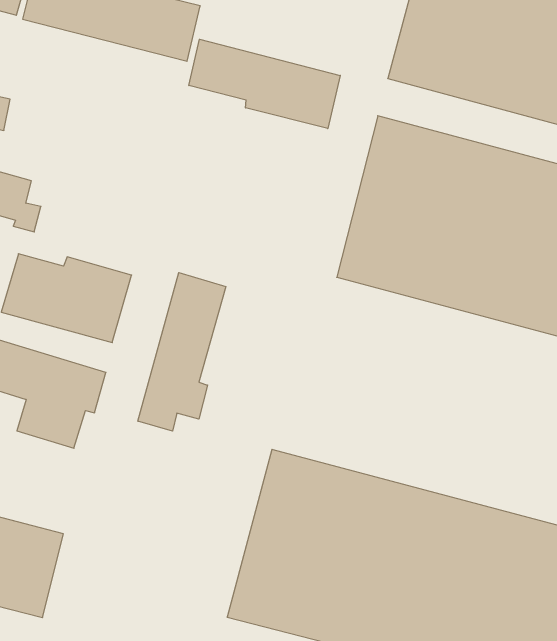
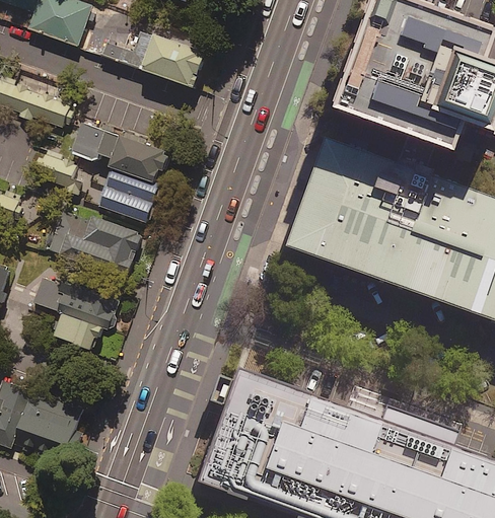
building: [189,39,340,129] -> none
building: none -> [72,123,169,182]
building: none -> [101,170,160,222]
building: [138,273,226,431] -> none

